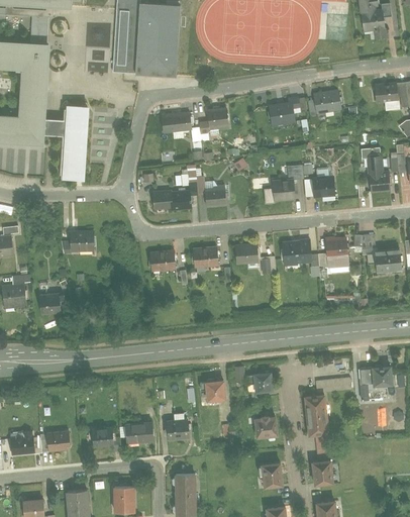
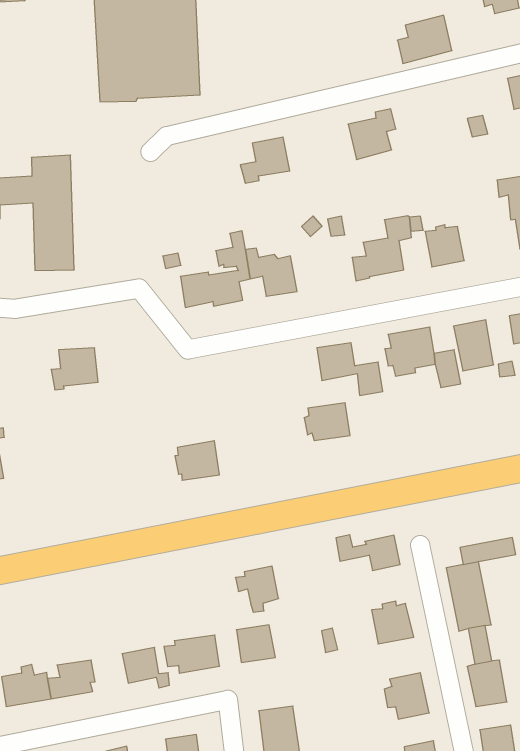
building: [307,88,341,116] -> [397,15,452,63]
building: [161,112,200,144] -> none
building: [190,246,218,269] -> [304,403,350,441]
building: [147,249,175,273] -> [175,441,219,480]
building: [39,291,64,315] -> none
building: [199,378,225,406] -> [235,566,279,612]

